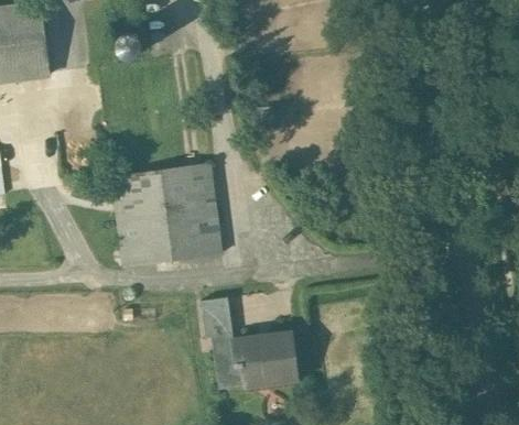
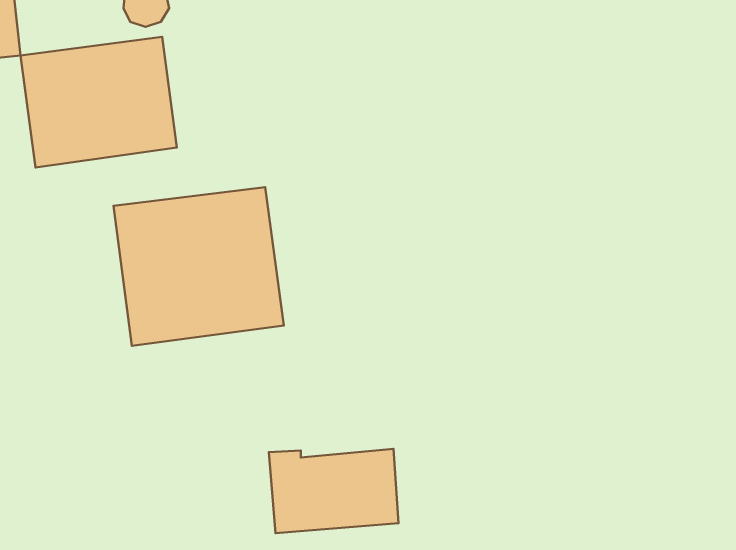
building: none -> [21,37,177,168]
building: [199,296,233,337] -> none

